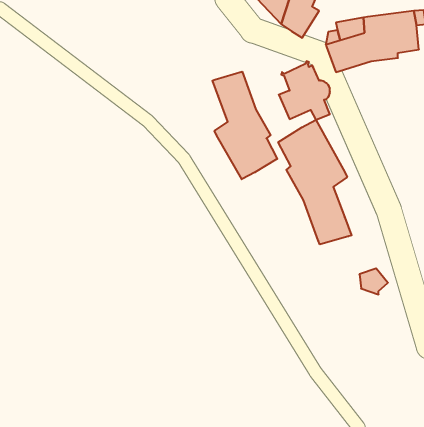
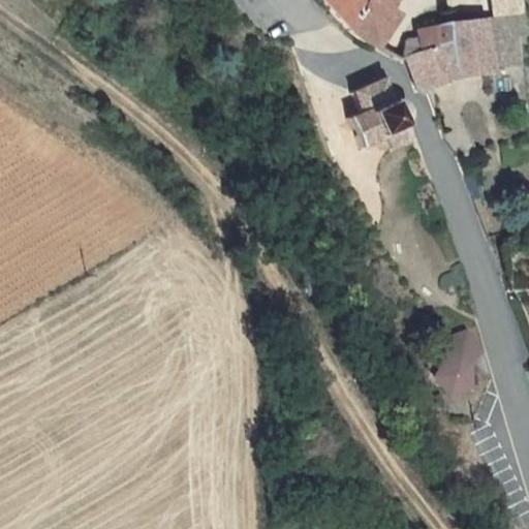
building: [212,72,277,179] -> none
building: [278,120,352,244] -> none
building: none -> [436,355,474,395]

